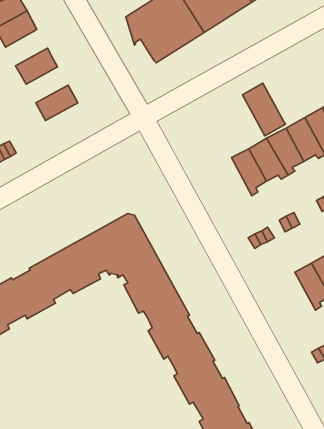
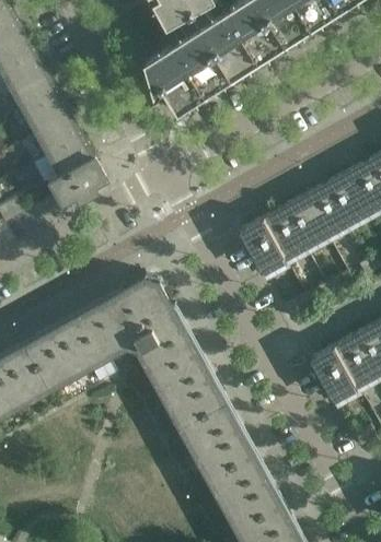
building: none -> [12,73,59,114]
building: none -> [35,115,82,155]
building: [242,83,285,136] -> [242,216,290,275]
building: none -> [47,155,105,203]
building: none -> [312,344,361,403]

